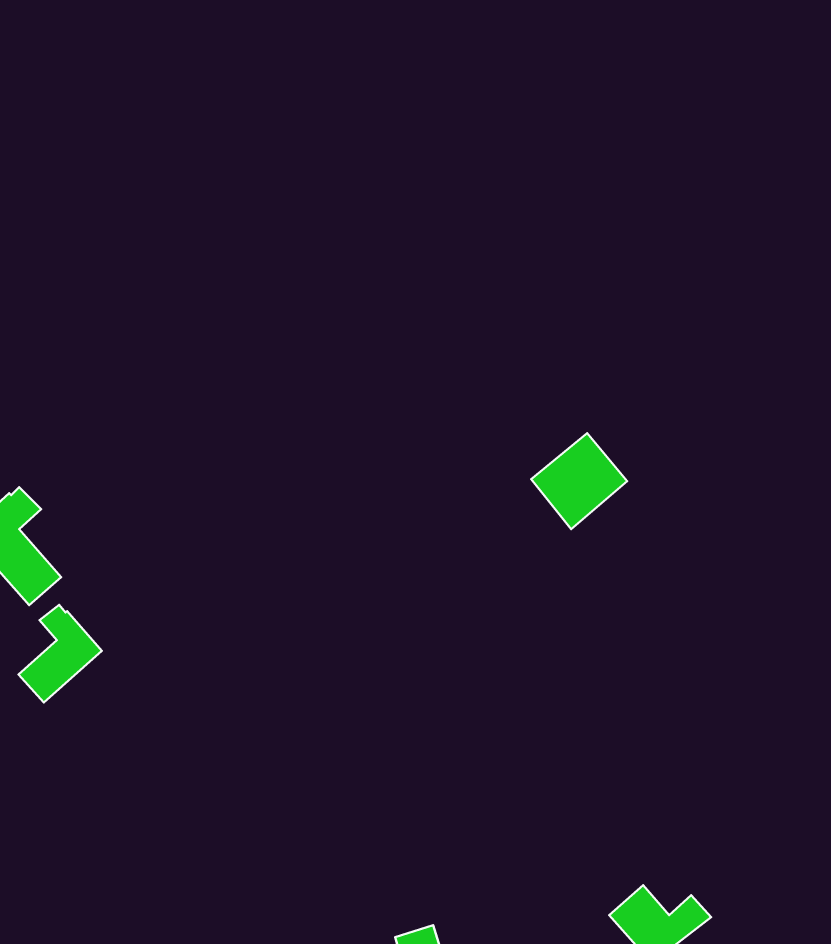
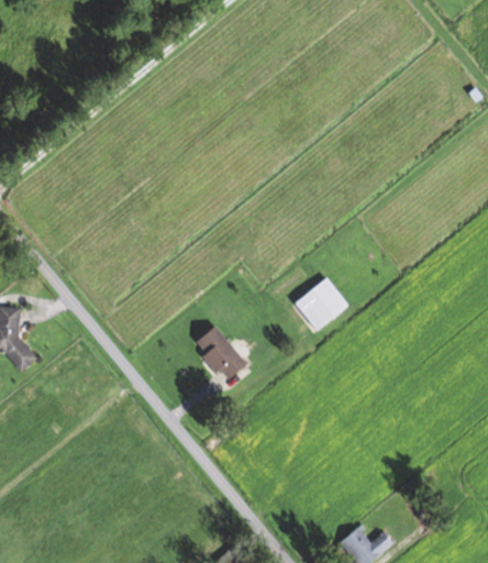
building: none -> [195,325,246,380]
building: [19,605,102,703] -> none

